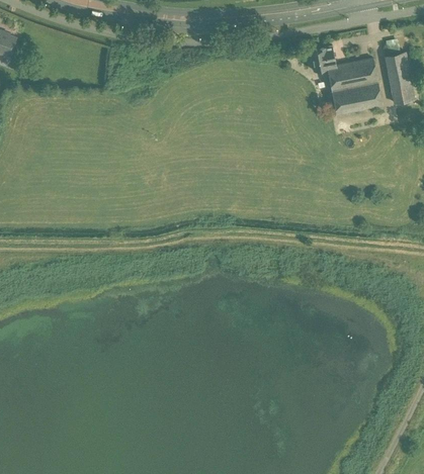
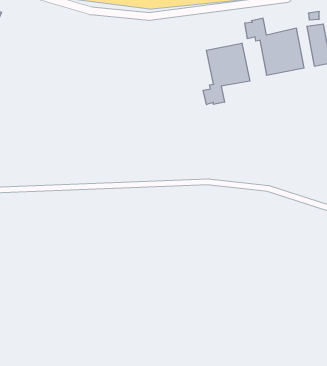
building: none -> [203,43,250,105]

